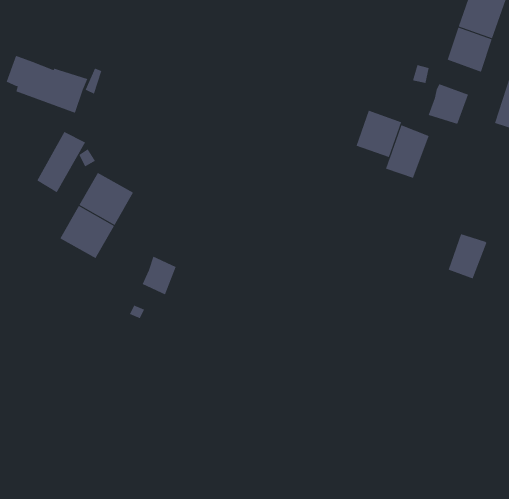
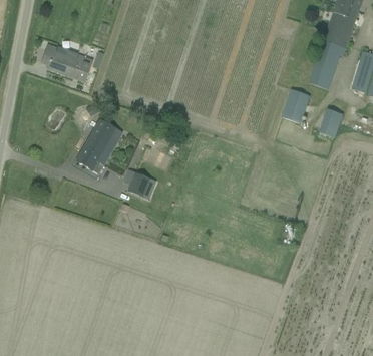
building: [356,110,402,158] -> none
building: [37,131,86,193] -> none
building: [448,233,487,279] -> [319,108,344,137]

